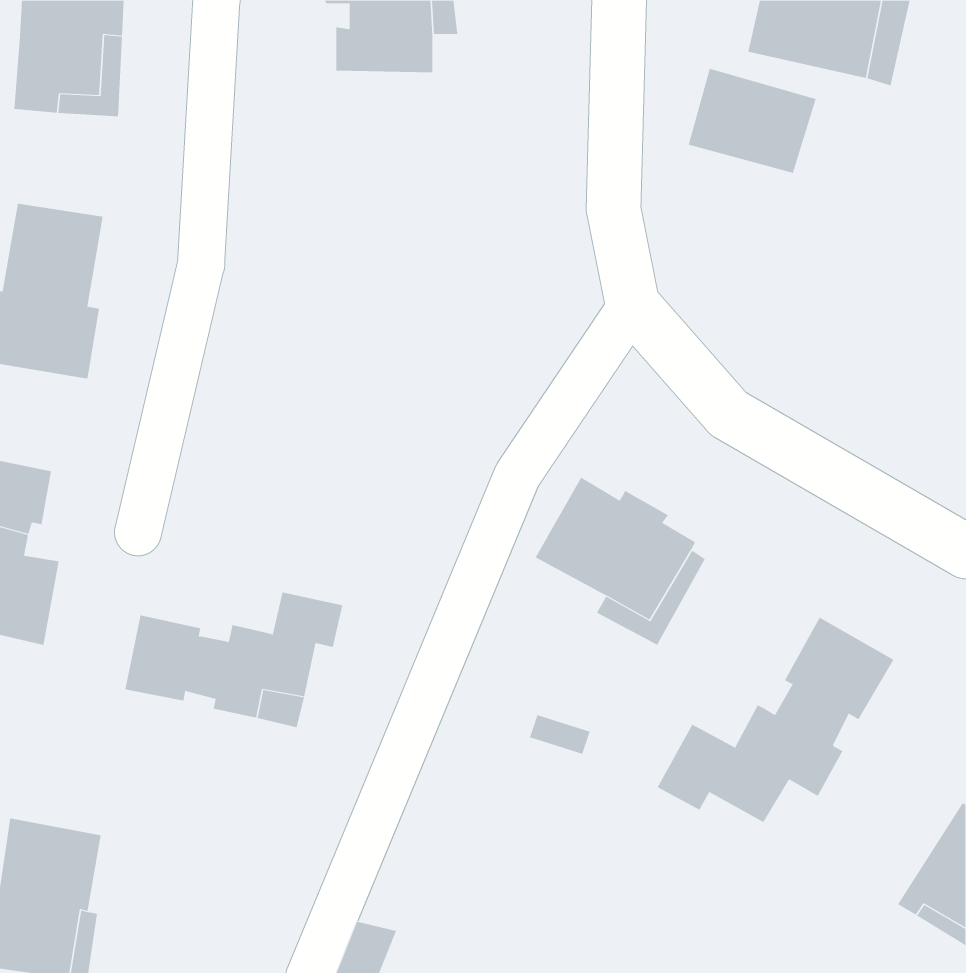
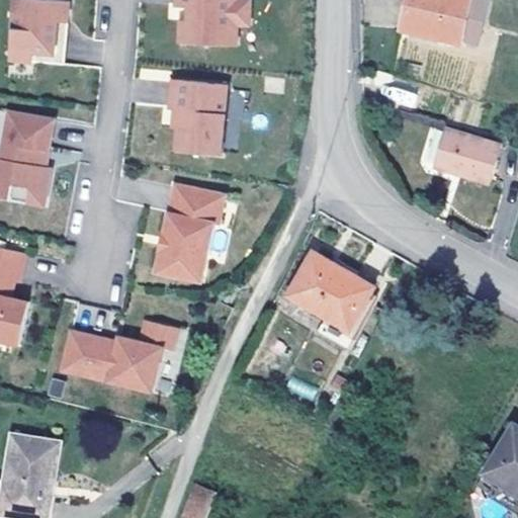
building: [688,68,816,174] -> [428,130,496,185]
building: none -> [168,77,227,152]
building: none -> [159,181,226,277]
building: [657,617,894,823] -> none

